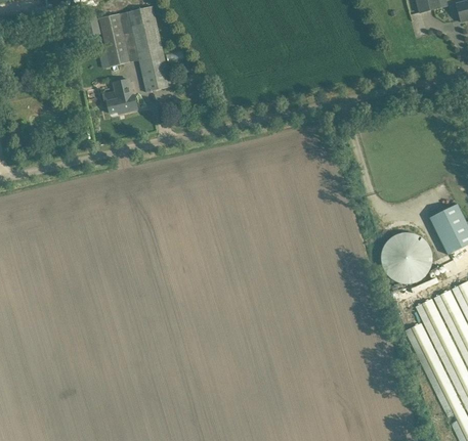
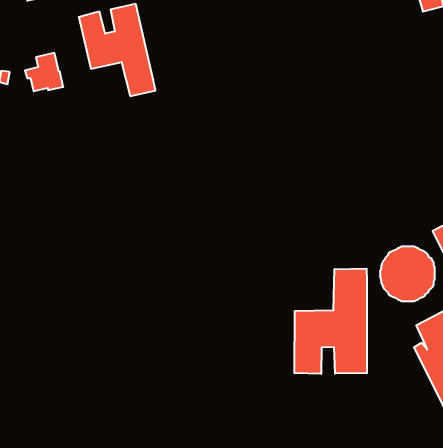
building: [102,77,138,113] -> [25,53,63,91]
building: none -> [295,269,367,374]

